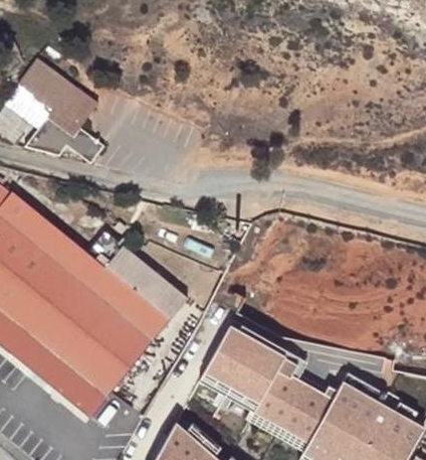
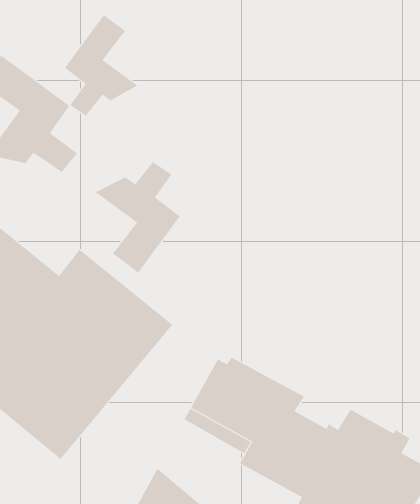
building: none -> [64,14,138,116]
building: none -> [95,161,181,273]

